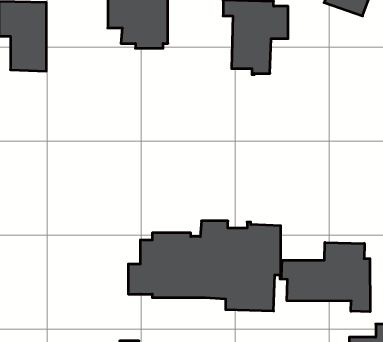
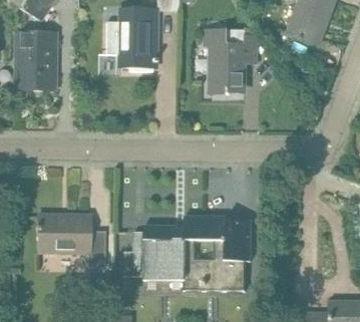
building: none -> [36,215,104,268]
building: [280,242,370,312] -> none

